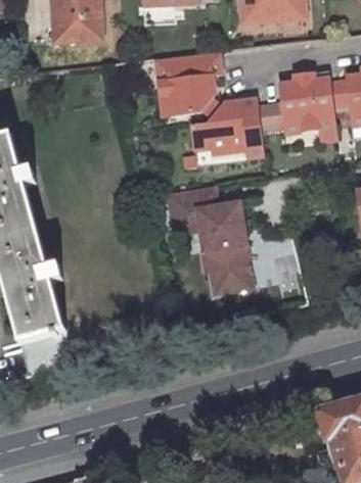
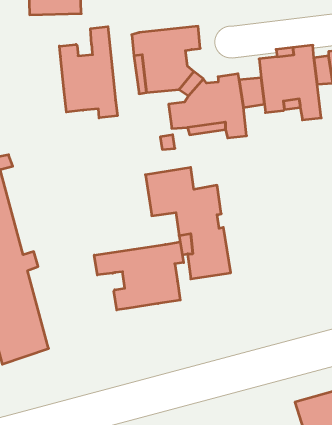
building: none -> [59,27,117,118]
building: none -> [94,242,184,310]

